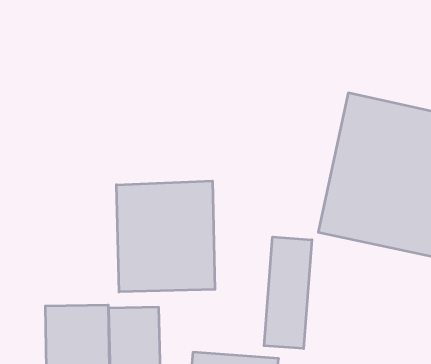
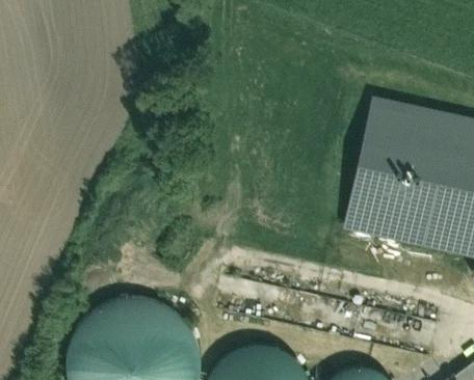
building: [116,181,215,292] -> none
building: [264,237,312,349] -> none

